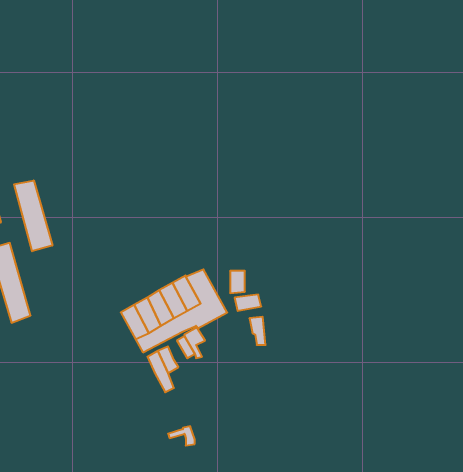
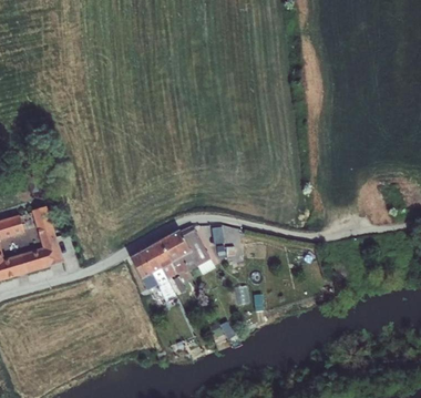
building: [14,180,52,251] -> none

